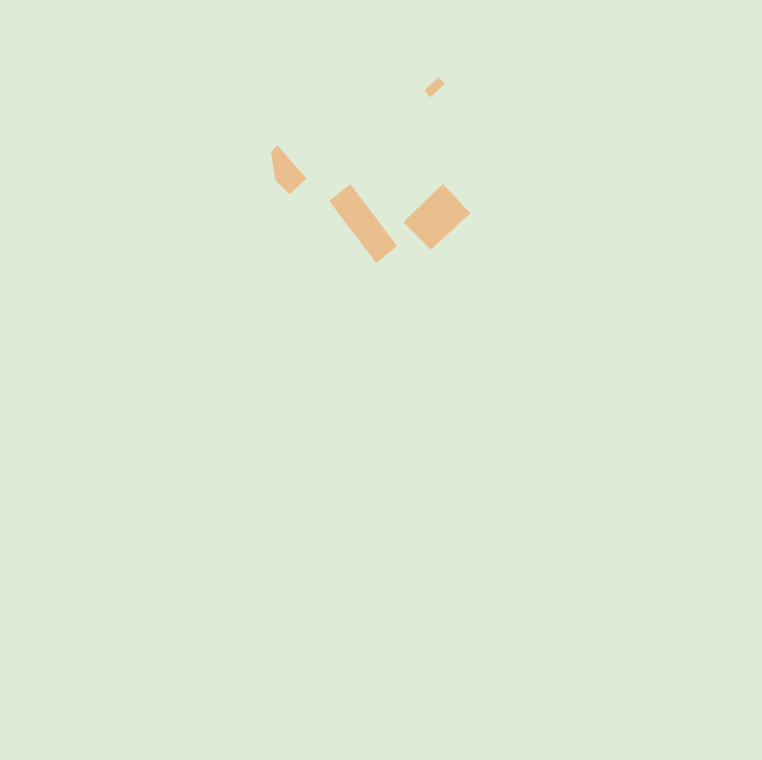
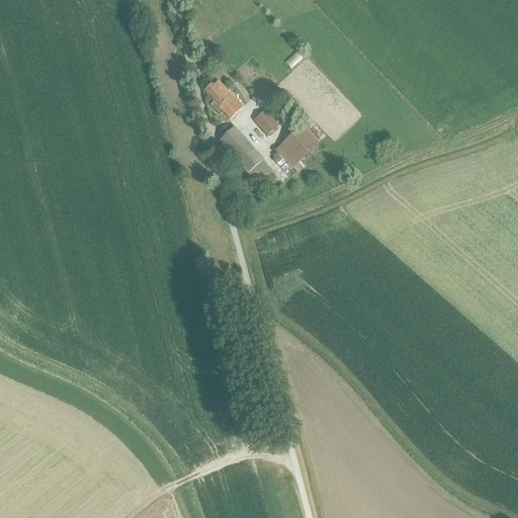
building: [270,144,307,195] -> [210,79,236,113]
building: none -> [251,108,279,137]

